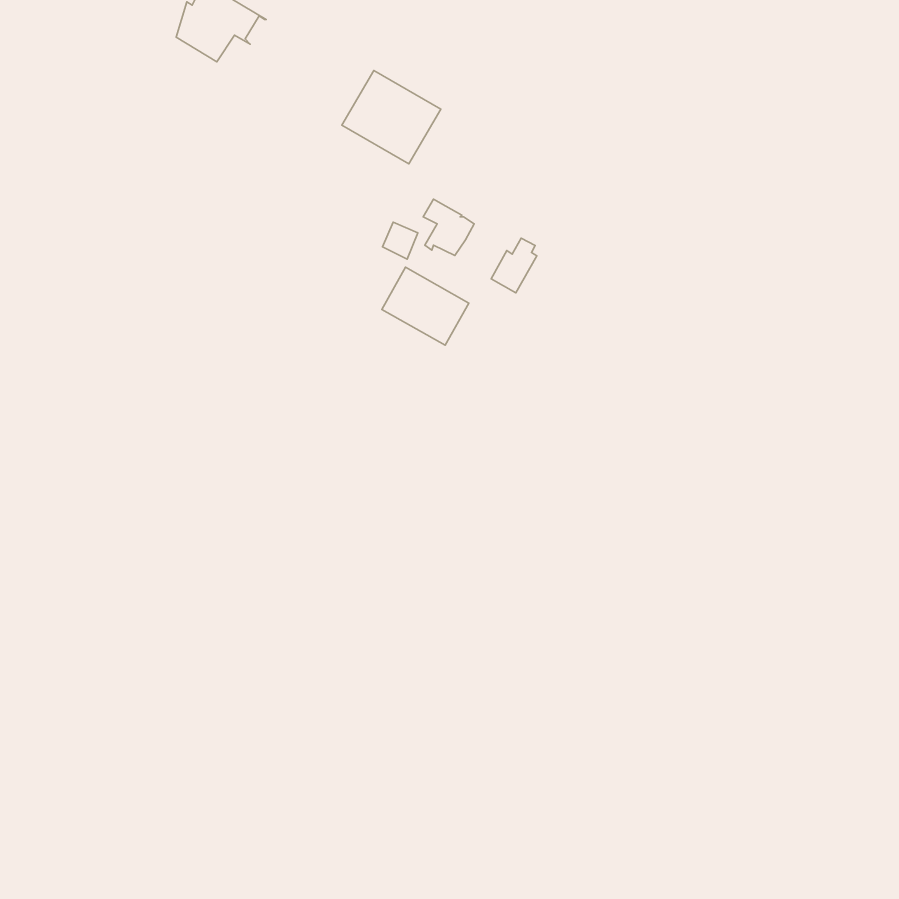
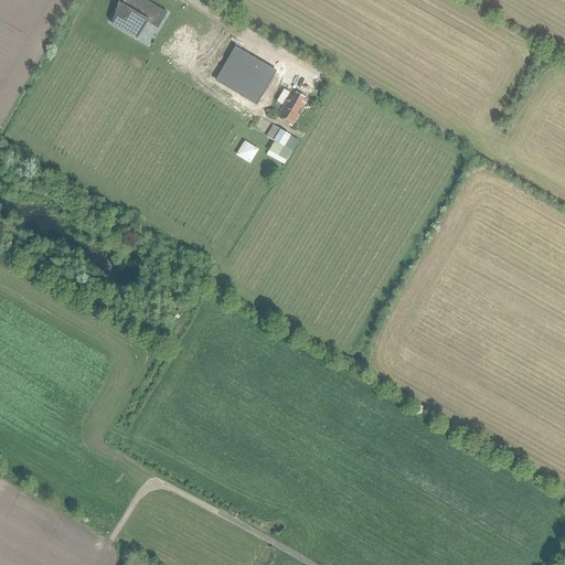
building: [491,238,537,293] -> [277,93,306,127]
building: [382,267,469,345] -> none

